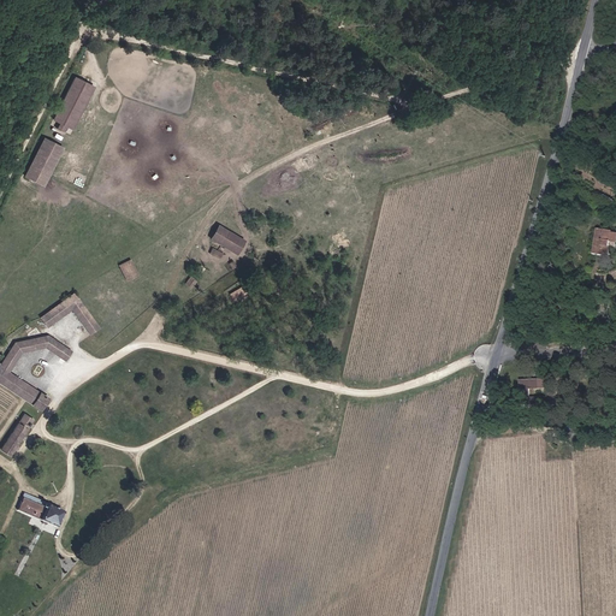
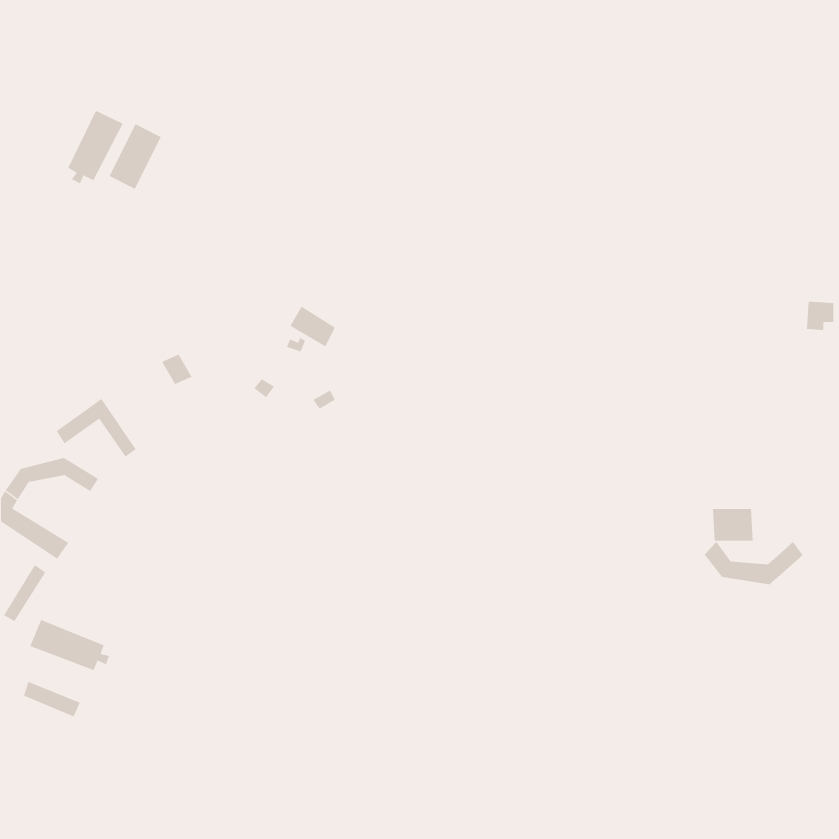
building: [22,143,60,191] -> [109,124,162,189]
building: none -> [704,541,803,585]
building: none -> [29,619,110,671]

